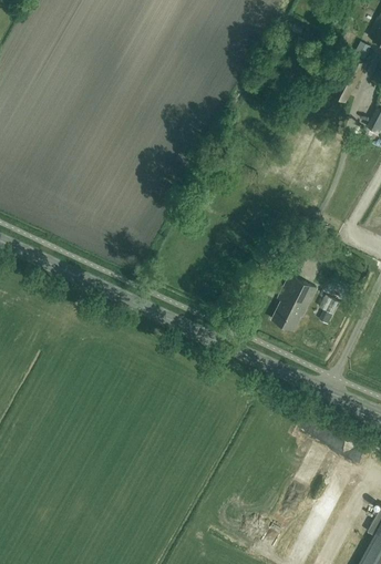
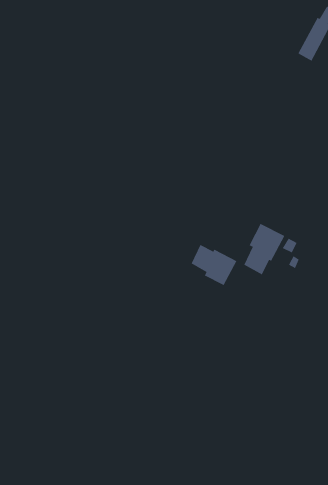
building: none -> [191,244,237,286]

